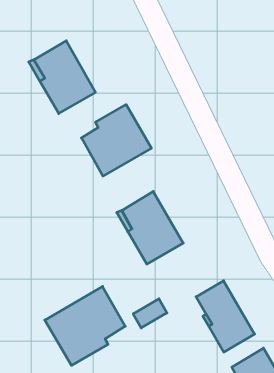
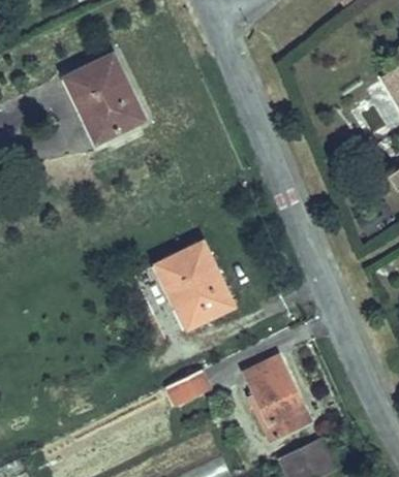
building: [81,105,151,176] -> none
building: [45,286,125,365] -> none

